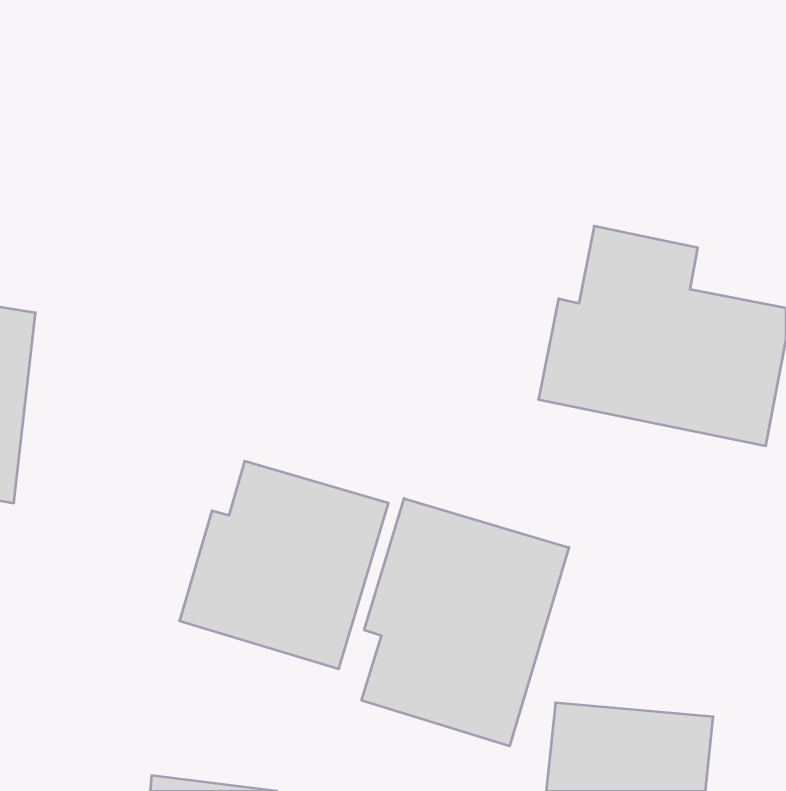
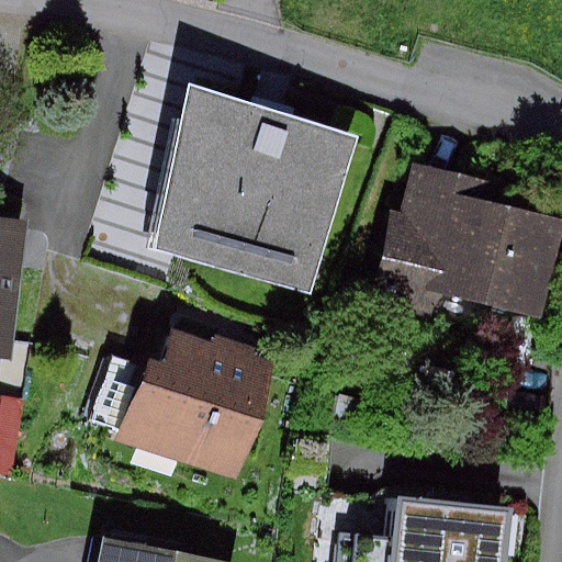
building: none -> [154,92,344,276]
building: [362,498,569,746] -> none

